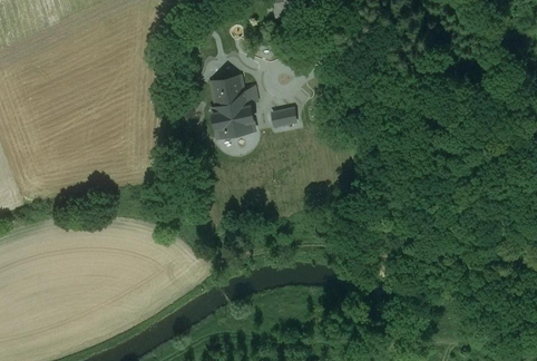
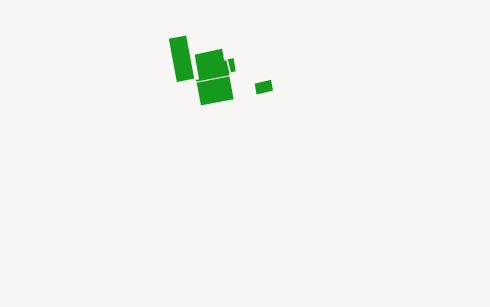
building: none -> [168,35,195,83]

